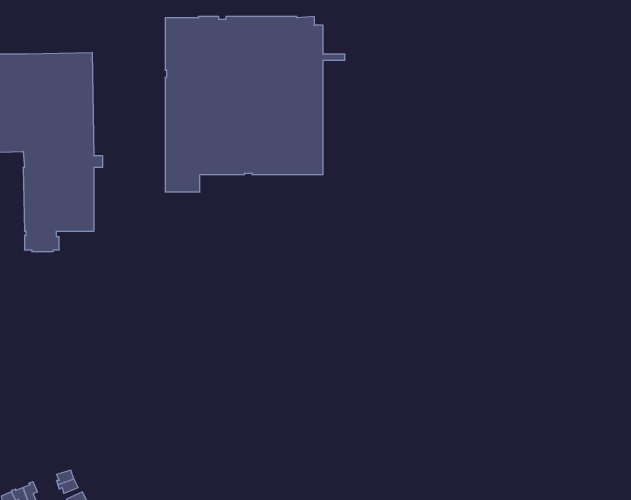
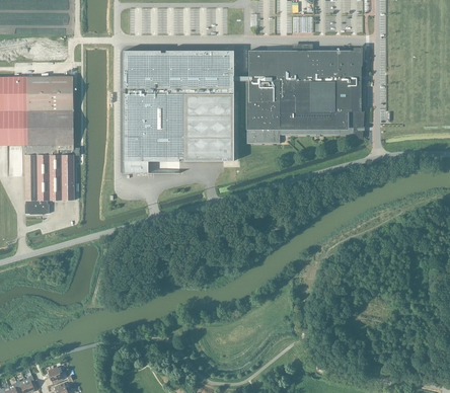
building: none -> [247,44,365,143]

